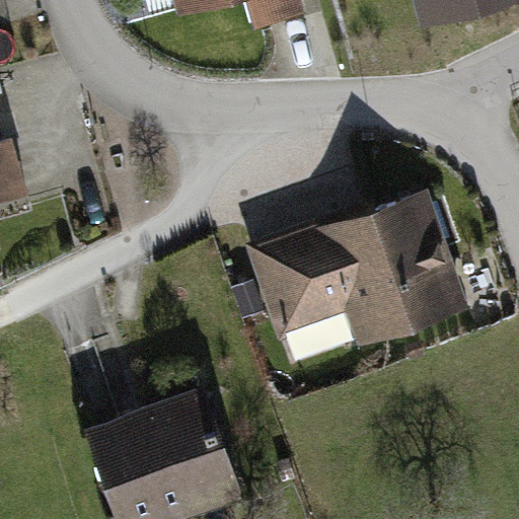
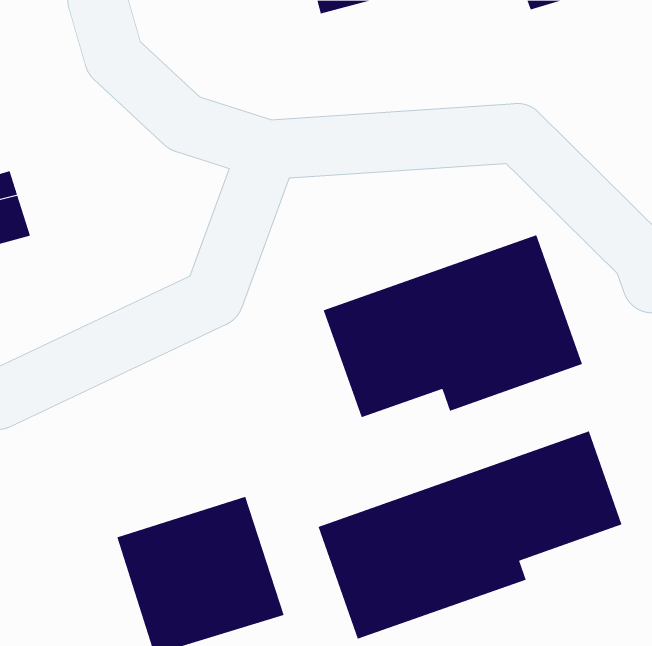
building: none -> [318,430,622,640]

